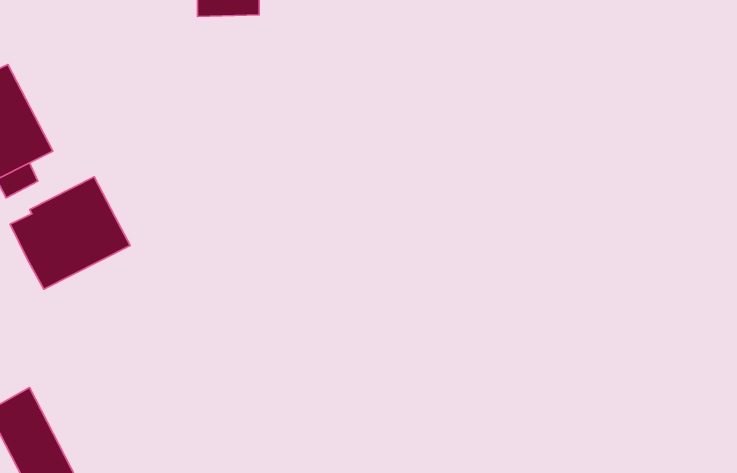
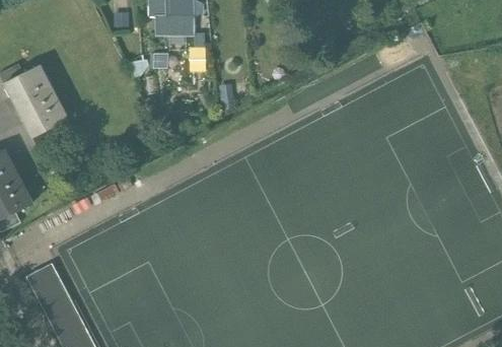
building: [10,177,130,289] -> none

